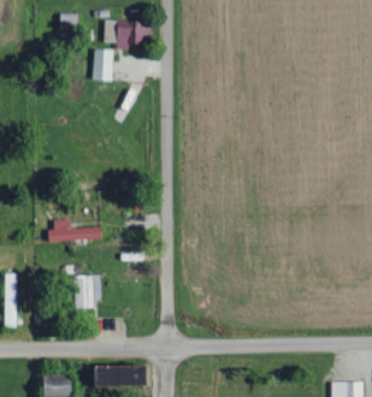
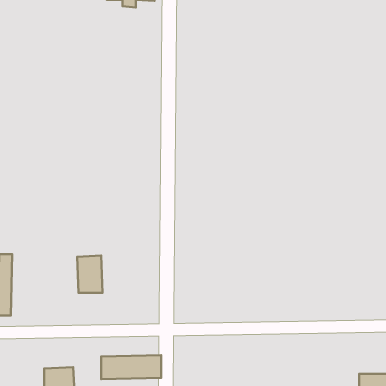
building: [93,48,112,81] -> none
building: [47,219,101,241] -> none

